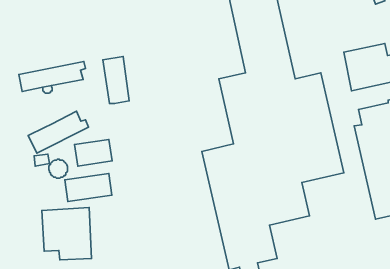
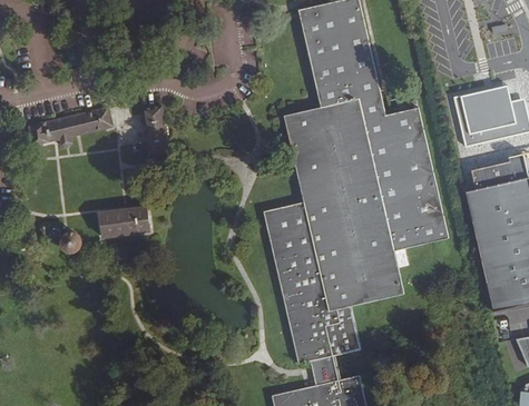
building: [28,111,89,153] -> none
building: [65,173,112,202] -> none
building: [42,208,92,260] -> none

